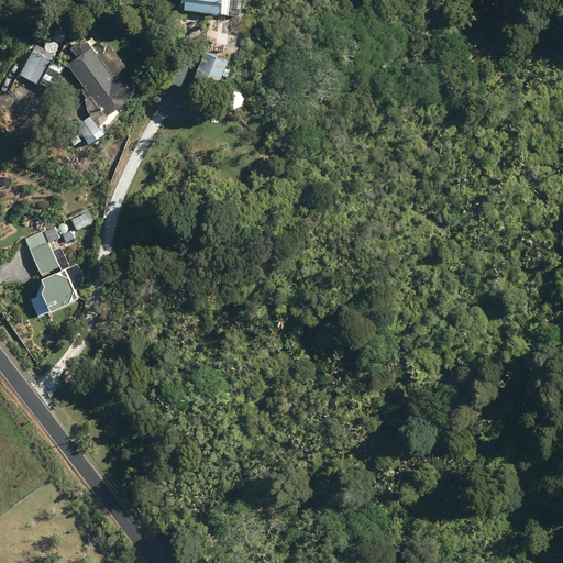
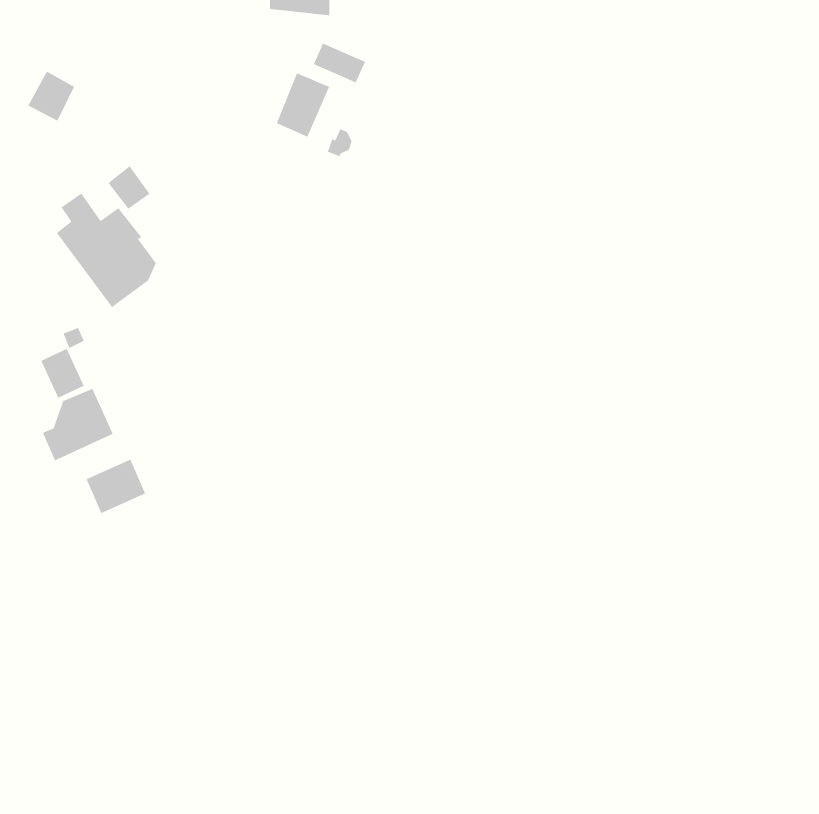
building: none -> [313,43,366,84]
building: [66,36,135,115] -> [56,193,157,308]
building: none -> [85,459,146,514]

